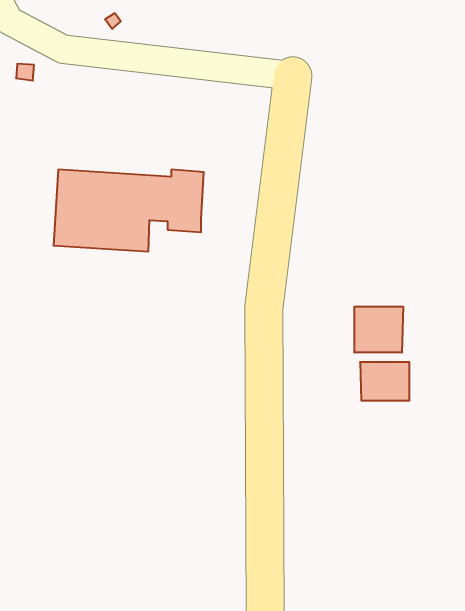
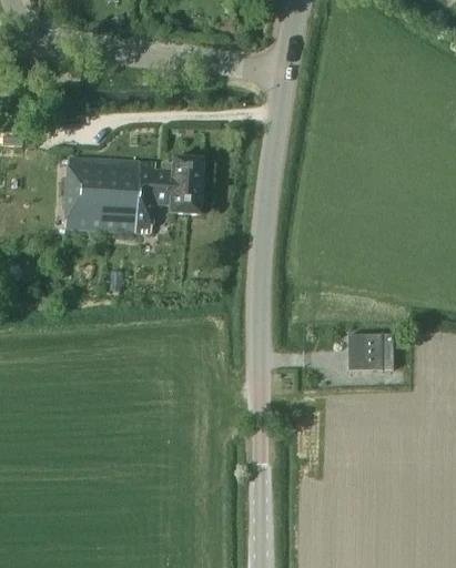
building: [354,307,403,353] -> none

